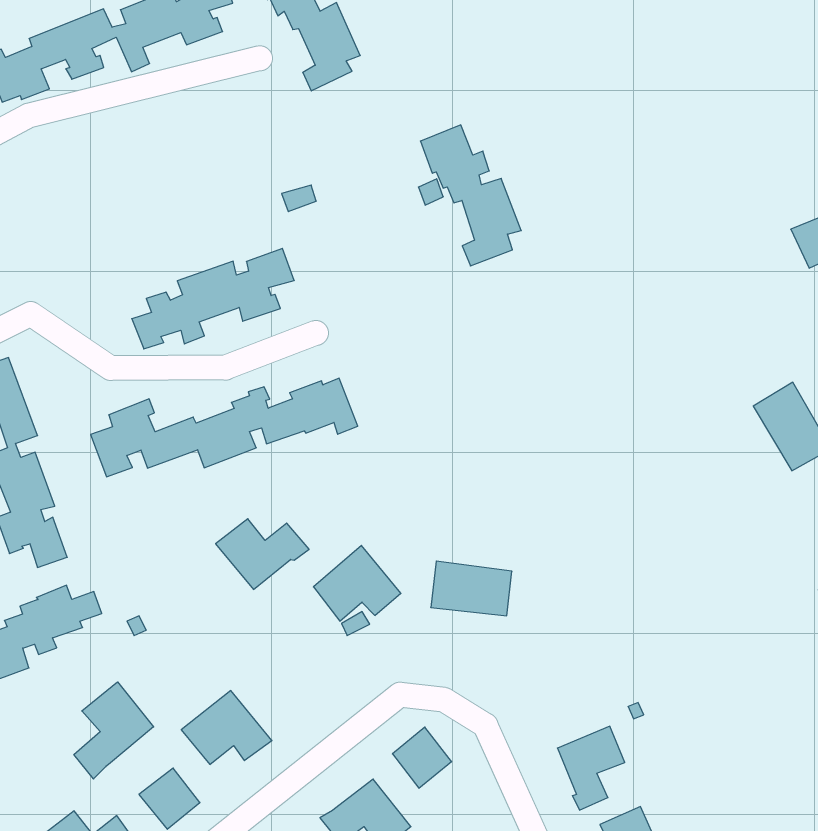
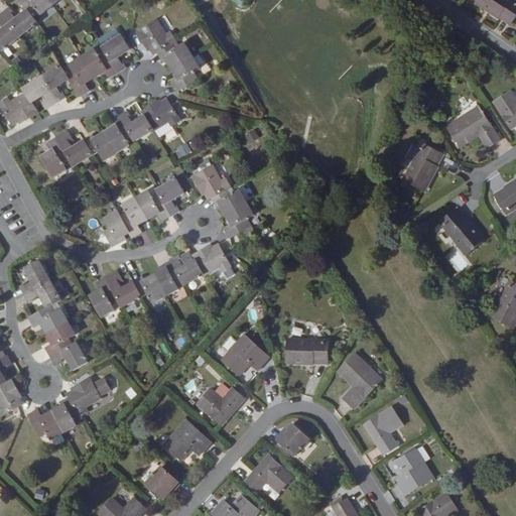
building: none -> [41,98,180,177]
building: [420,125,521,266] -> [191,163,253,238]
building: none -> [403,142,443,190]
building: [216,519,309,589] -> [192,382,243,420]
building: none -> [334,352,379,408]
building: [74,682,154,779] -> none

